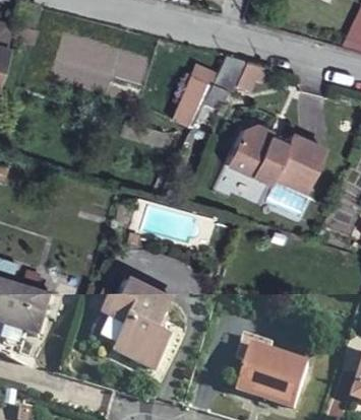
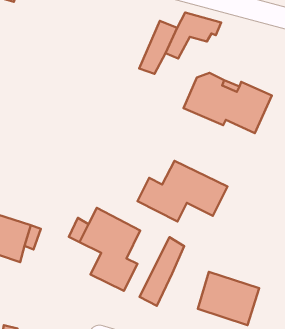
building: none -> [137,161,228,221]
building: none -> [139,237,184,306]

